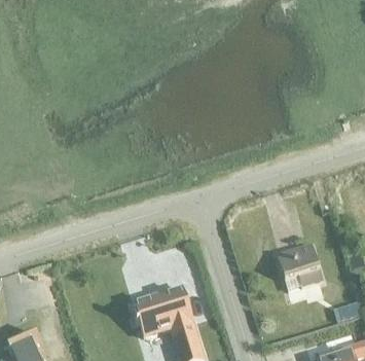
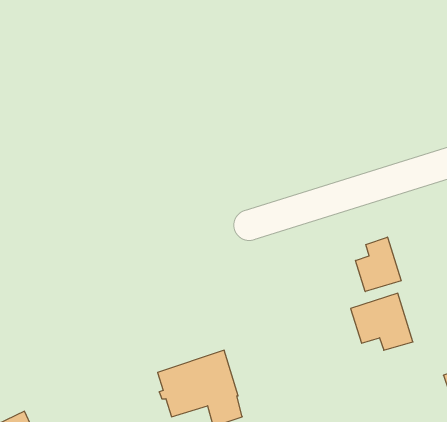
building: none -> [356,237,401,292]

